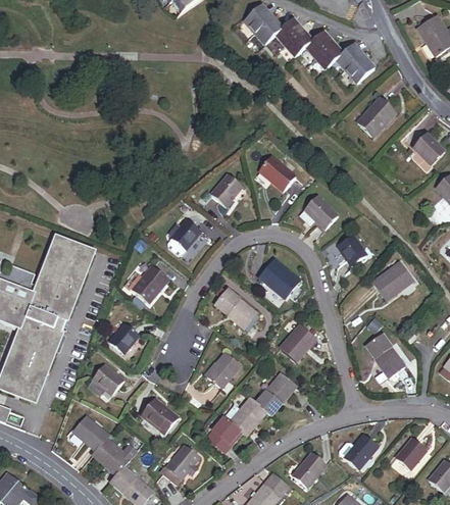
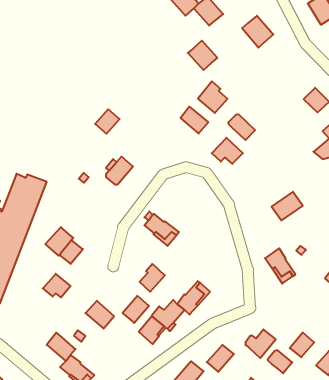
building: [306,31,343,67] -> [188,41,217,70]
building: [356,98,395,136] -> none
building: none -> [198,81,227,113]
building: none -> [228,114,255,140]
building: [210,174,241,205] -> [95,109,120,134]
building: [338,235,365,264] -> none
building: [259,258,299,297] -> none
building: [132,266,166,302] -> [45,227,73,256]
building: [280,324,314,359] -> none
building: [73,416,107,450] -> none
building: [165,445,198,478] -> [123,296,149,323]
building: none -> [268,350,292,373]

